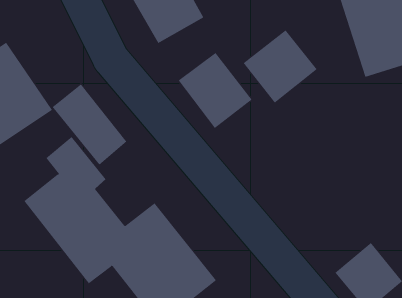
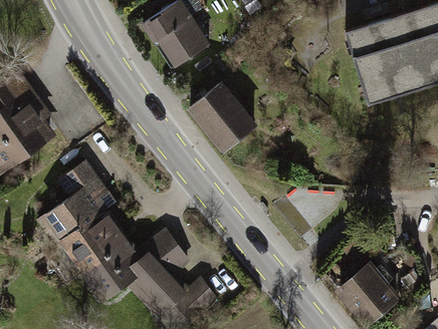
building: [243,30,318,104] -> none
building: [52,84,127,165] -> none

